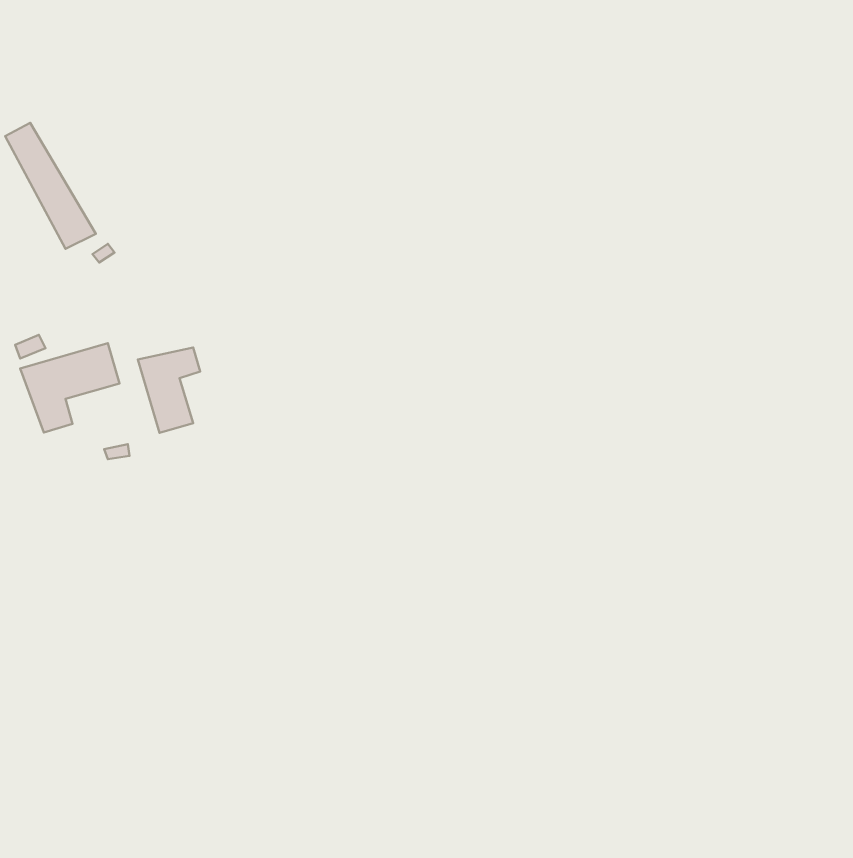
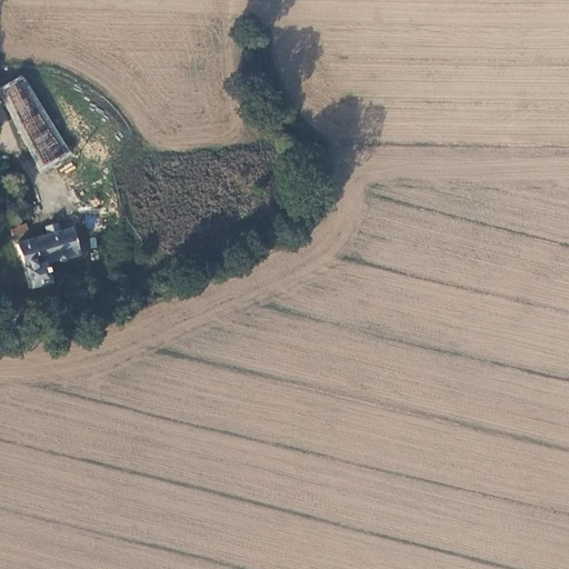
building: [138,347,200,433] -> none

